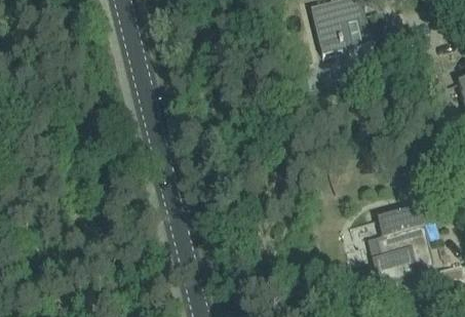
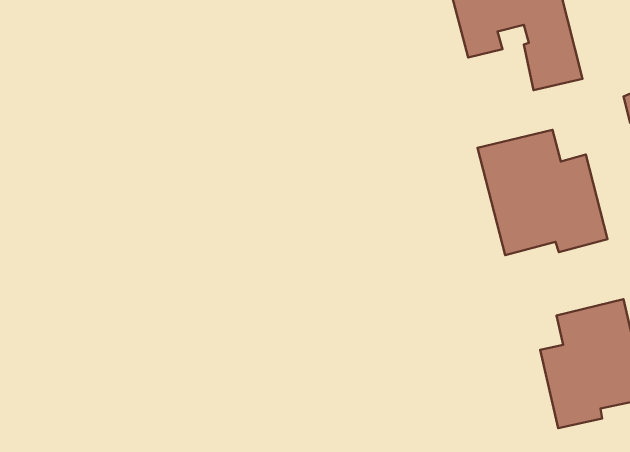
building: none -> [478,130,608,255]

